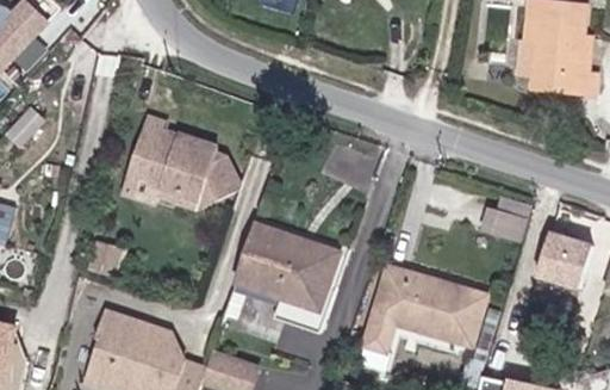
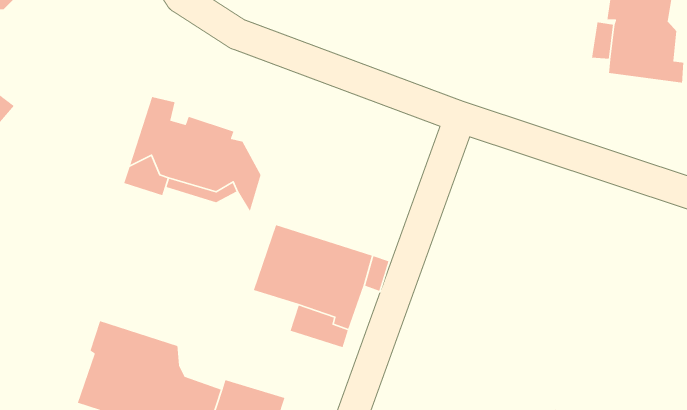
building: [492,196,530,239] -> none
building: [537,228,592,283] -> none
building: [363,258,490,341] -> none

